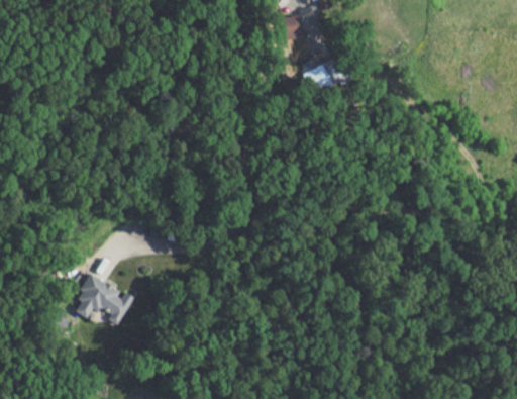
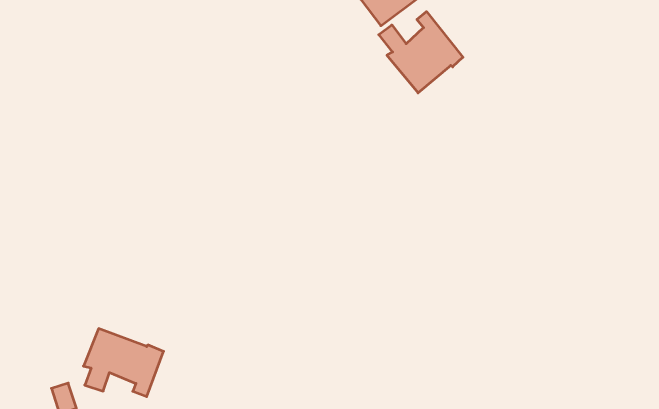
building: none -> [379,12,463,93]

